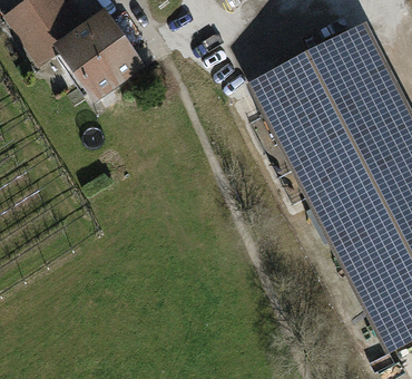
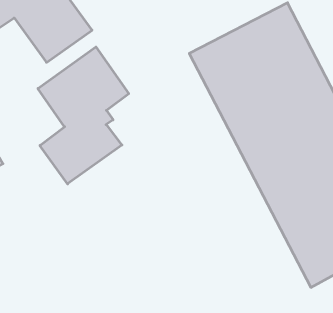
building: none -> [38,47,129,184]

